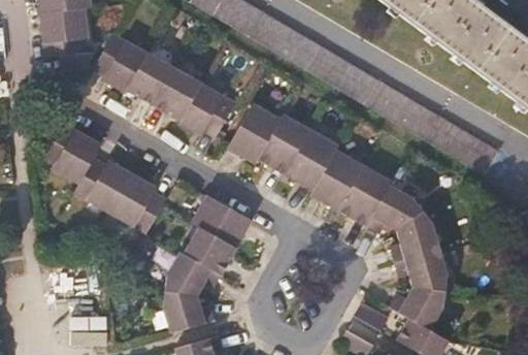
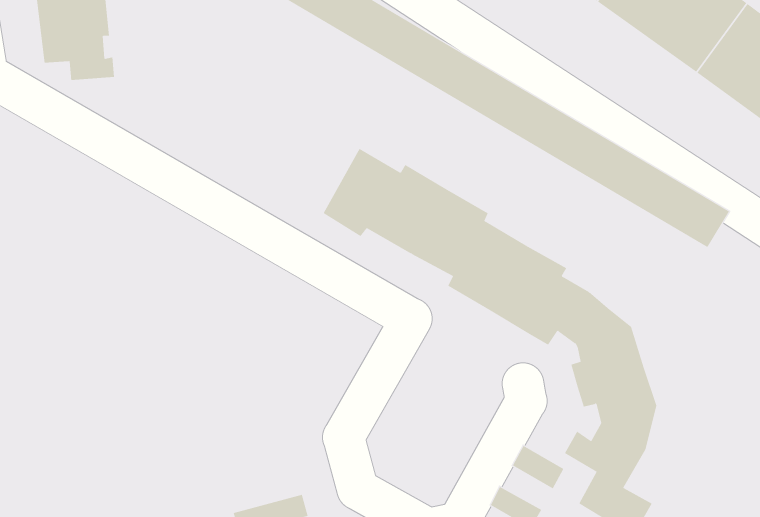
building: [96,35,237,139] -> none
building: [38,108,164,231] -> none
building: [161,196,251,332] -> none

